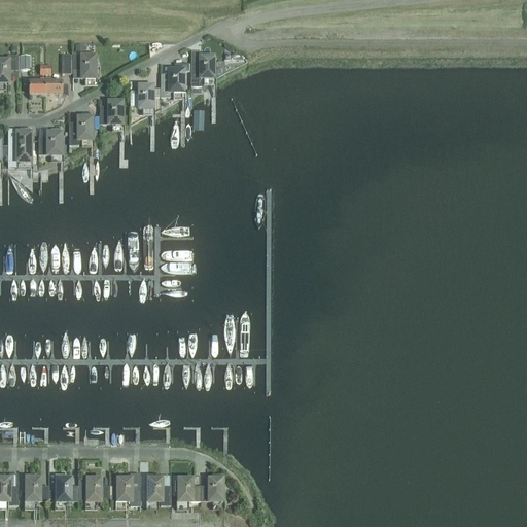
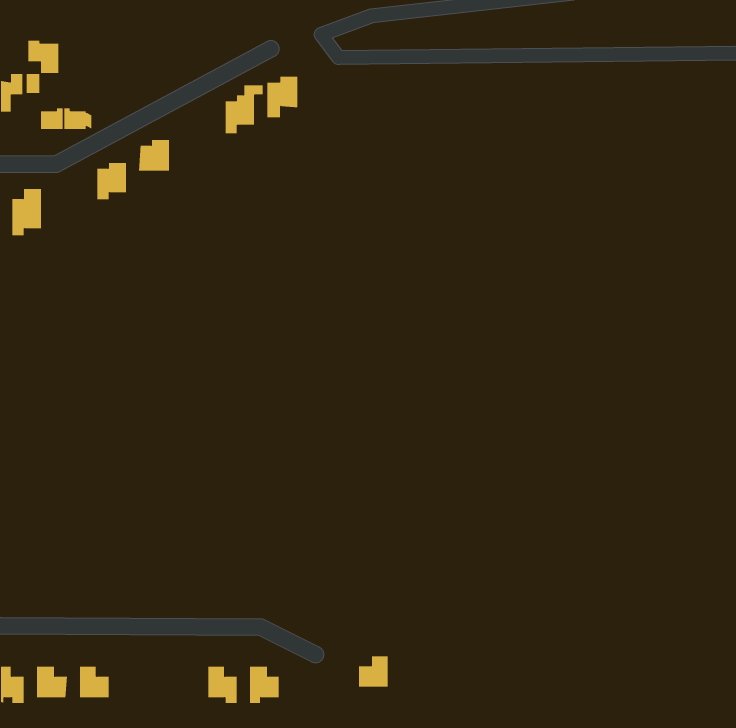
building: [72,52,95,76] -> [27,40,59,73]
building: [130,84,151,106] -> none
building: [38,131,61,153] -> none
building: [117,471,139,503] -> none
building: [86,477,109,499] -> none
building: [200,477,221,499] -> [358,656,389,687]

